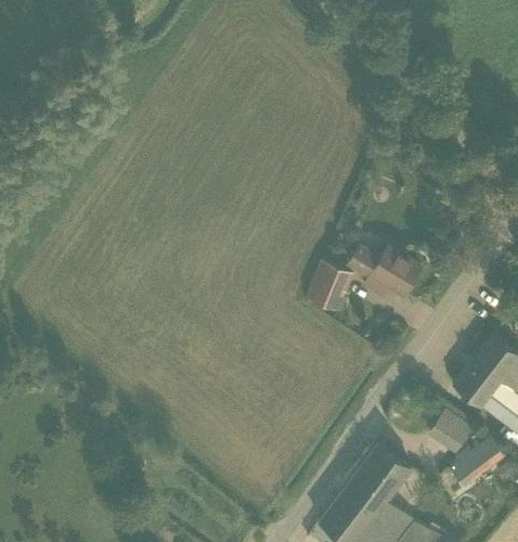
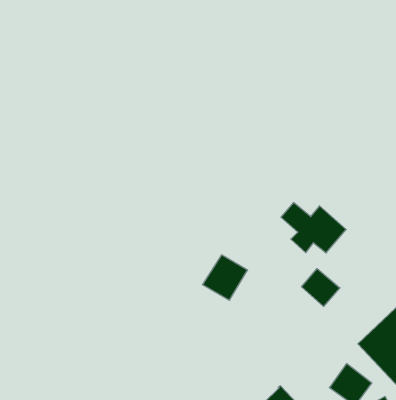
building: [309,264,354,311] -> [202,255,248,300]
building: none -> [302,269,340,306]

